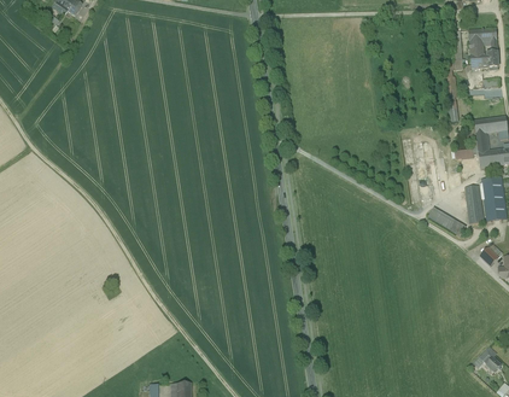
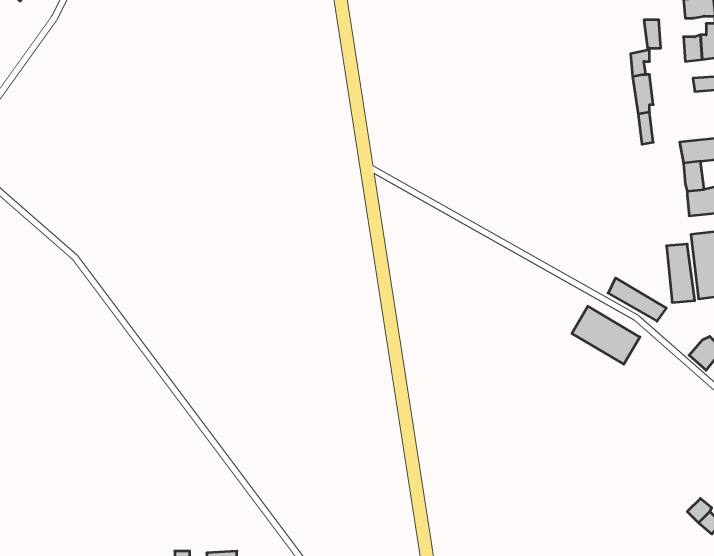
building: none -> [572,306,640,364]

